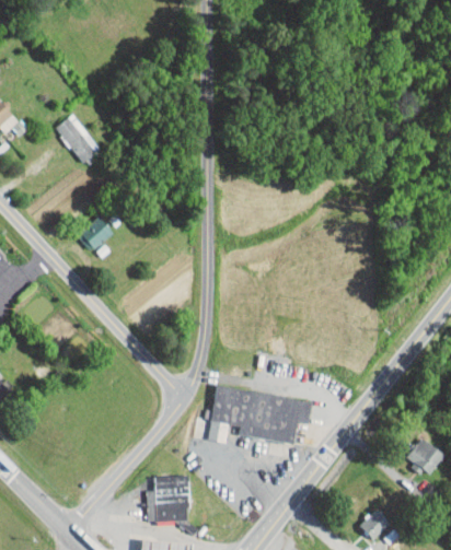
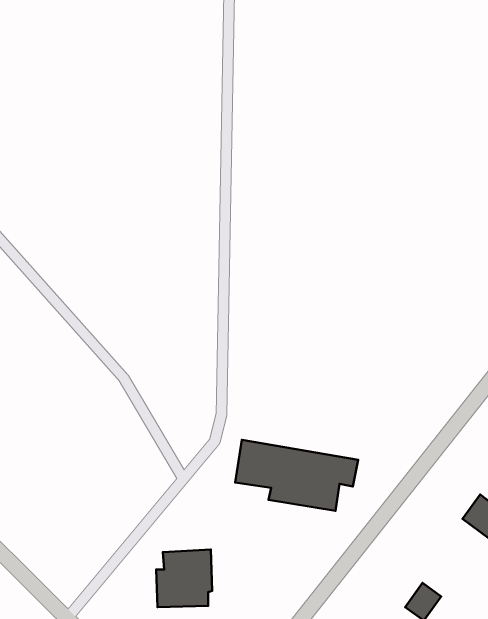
building: [54,112,94,162] -> none
building: [80,218,111,246] -> none

